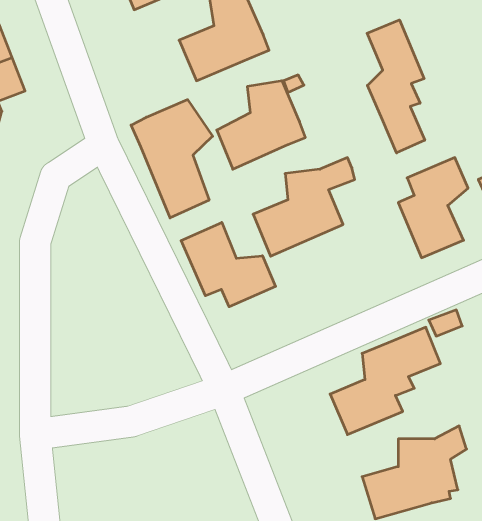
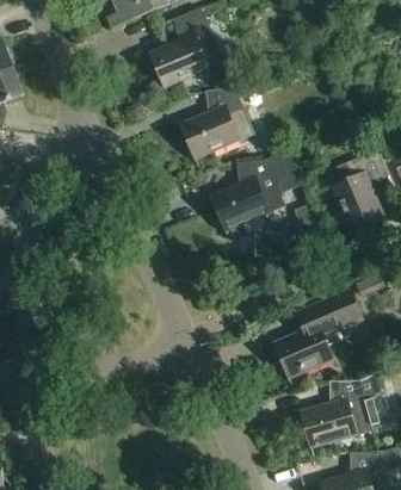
building: [367,20,425,153] -> none
building: [131,100,213,218] -> none
building: [181,222,276,307] -> none

